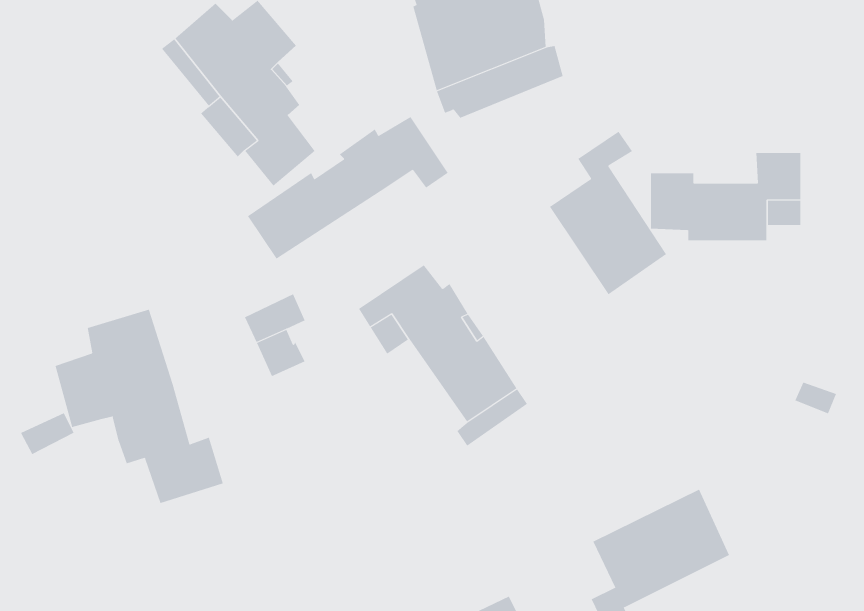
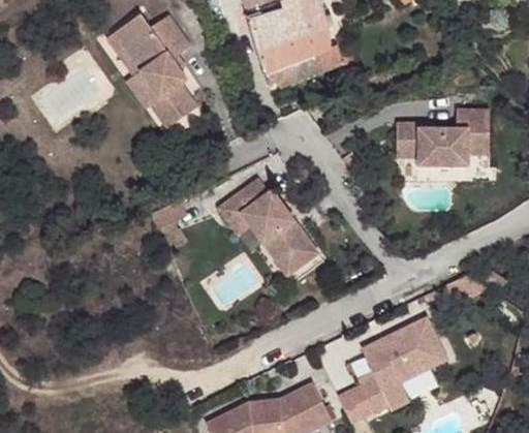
building: [247,116,449,260] -> none
building: [549,131,667,295] -> none
building: [55,309,223,504] -> none

